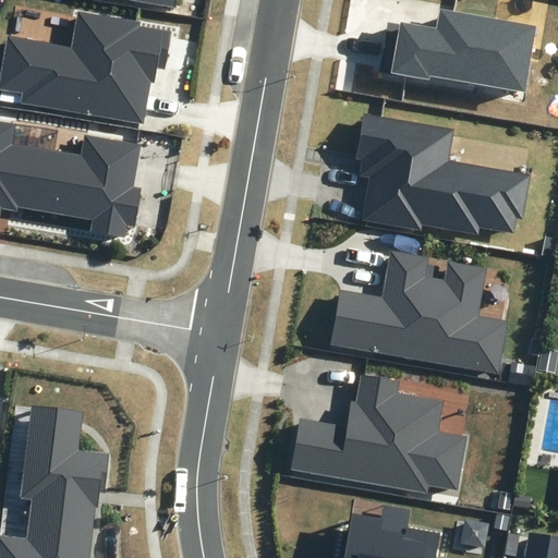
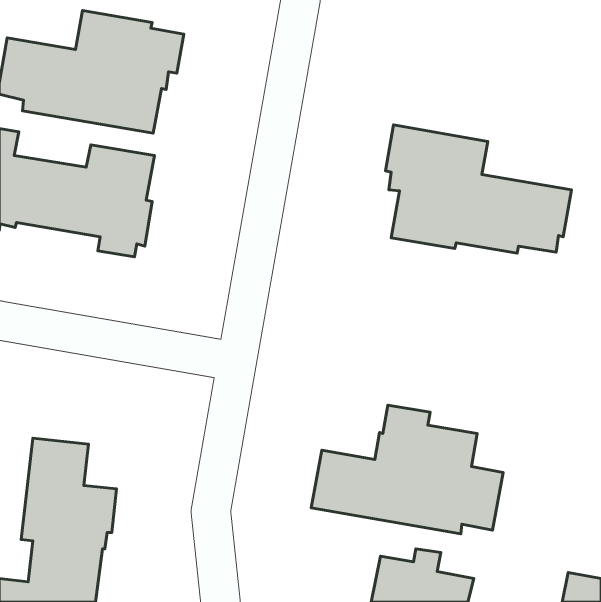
building: [390,9,535,92] -> none
building: [328,250,508,374] -> none

